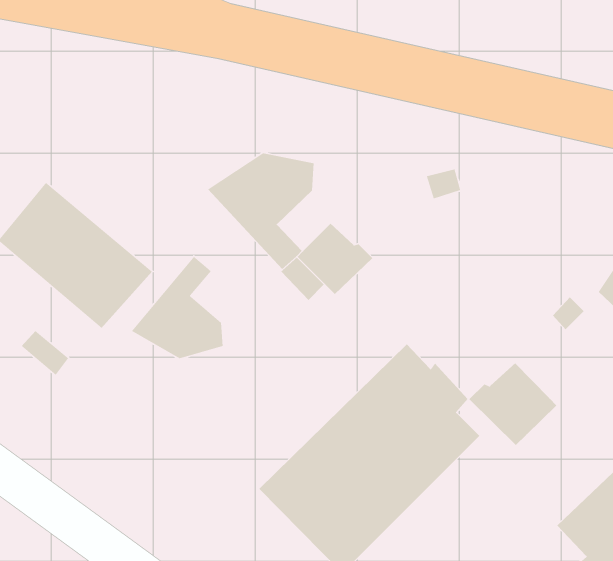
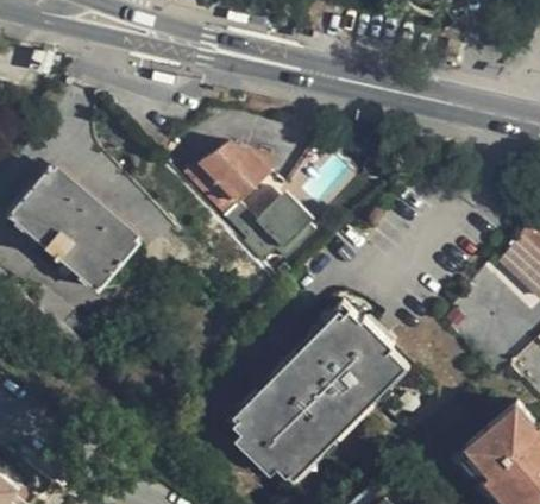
building: [131,256,223,359] -> none
building: [469,363,557,446] -> none

